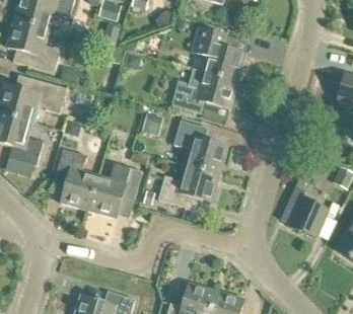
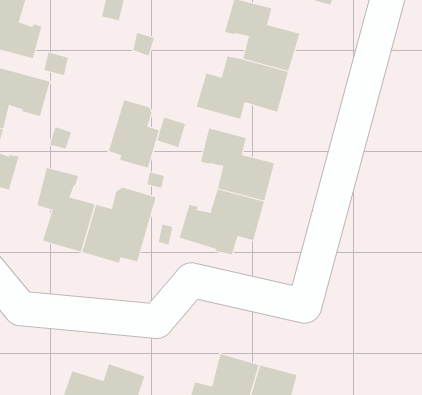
building: none -> [108,99,159,169]
building: [281,174,329,238] -> none

